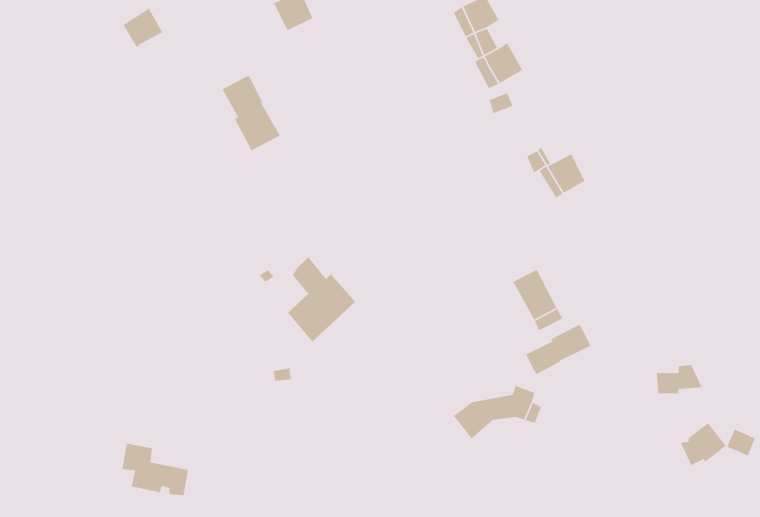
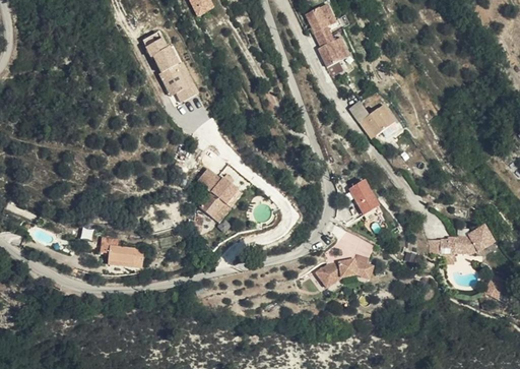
building: [123,8,163,48] -> [145,36,172,62]
building: [525,324,592,375] -> none
building: [680,422,727,466] -> [462,226,493,254]
building: [122,443,189,496] -> [101,233,144,267]

